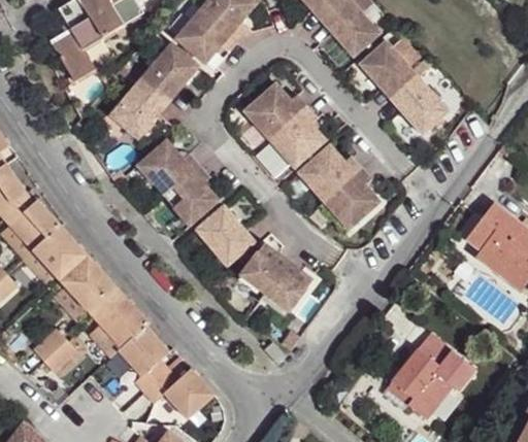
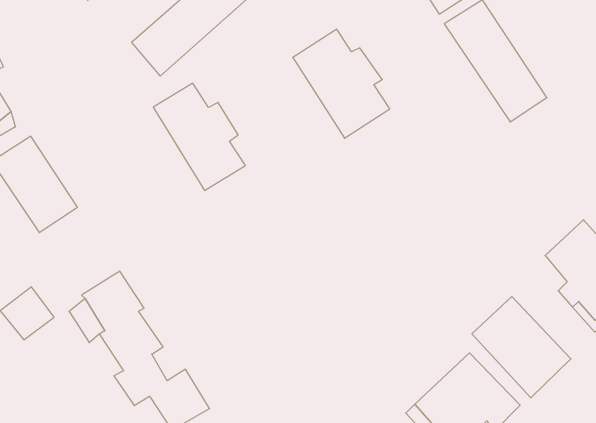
building: [297,142,380,229] -> none
building: [196,205,254,265] -> none
building: [240,243,314,312] -> none
building: [65,260,118,312] -> none
building: none -> [472,297,571,398]

